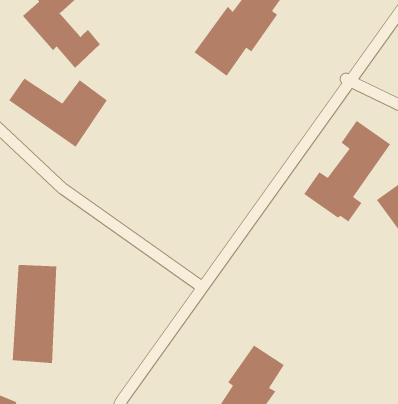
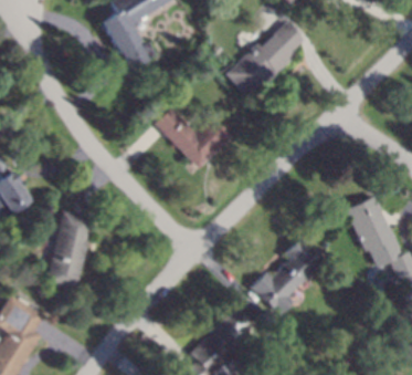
building: [8,77,108,148] -> [155,107,231,168]
building: [303,120,391,223] -> [251,238,325,315]

